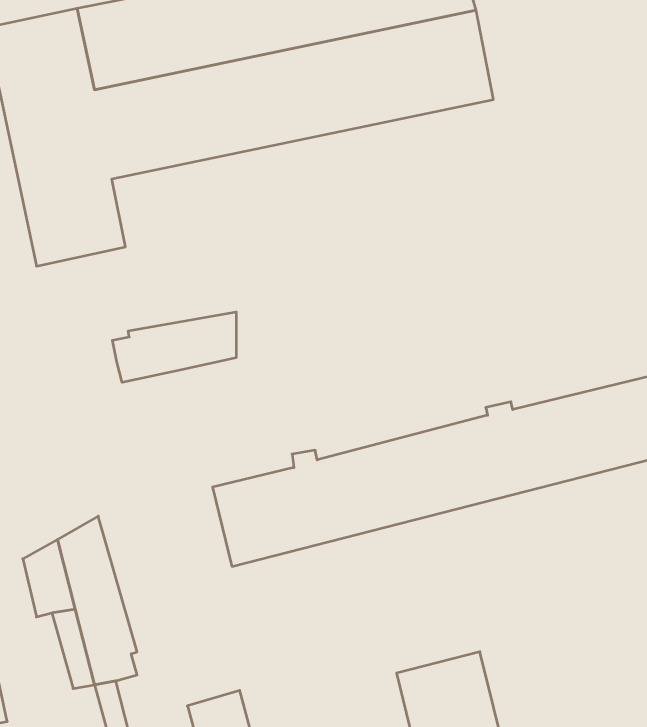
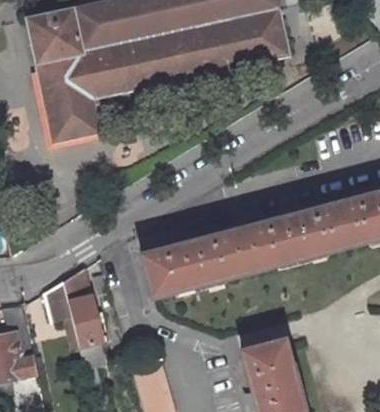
building: [112,312,236,382] -> none

